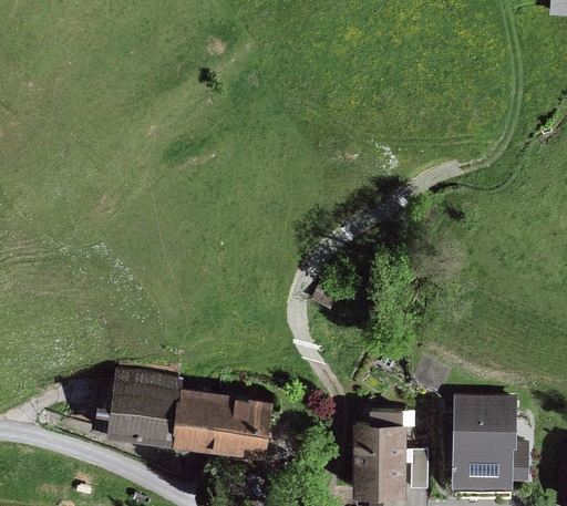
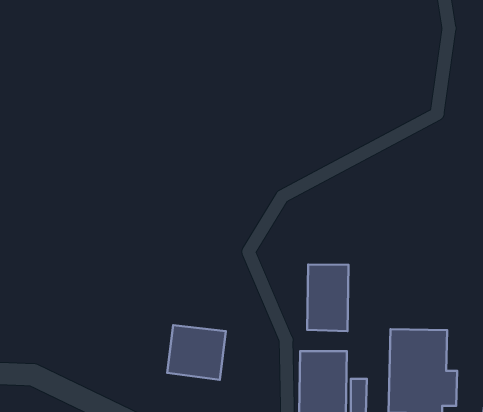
building: none -> [307,265,349,331]
building: [105,372,212,447] -> none

